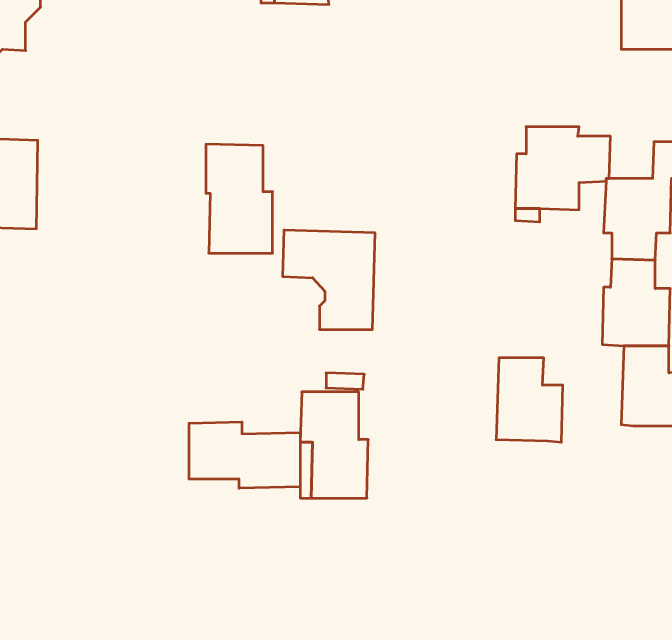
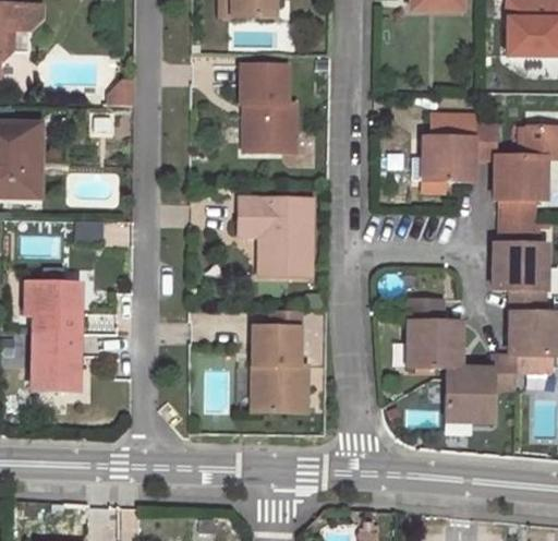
building: [206,144,273,253] -> [240,63,293,151]
building: none -> [26,285,80,389]
building: [189,422,300,488] -> none
building: none -> [446,352,518,420]

